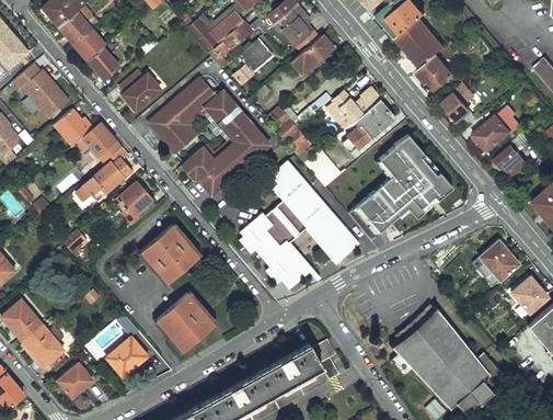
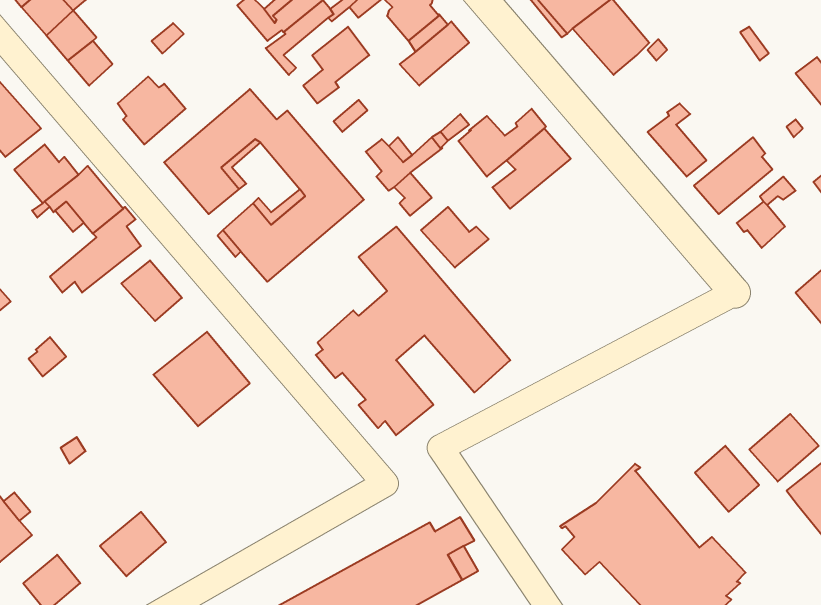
building: [416,56,451,91] -> none
building: [349,134,453,239] -> none
building: [479,240,518,281] -> [695,446,759,512]
building: [155,294,214,351] -> none

